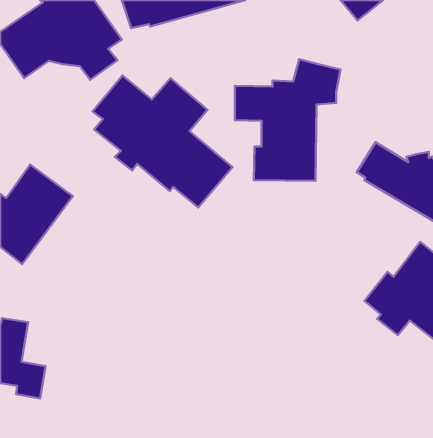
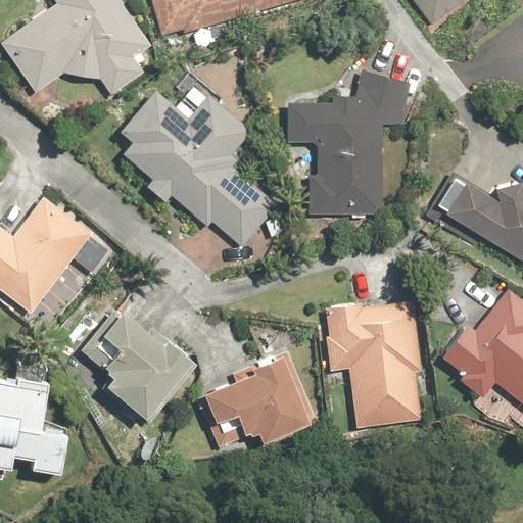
building: none -> [324,301,424,427]
building: none -> [79,310,200,427]
building: none -> [197,350,315,442]

